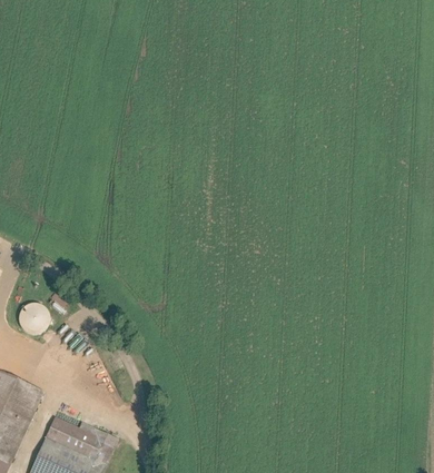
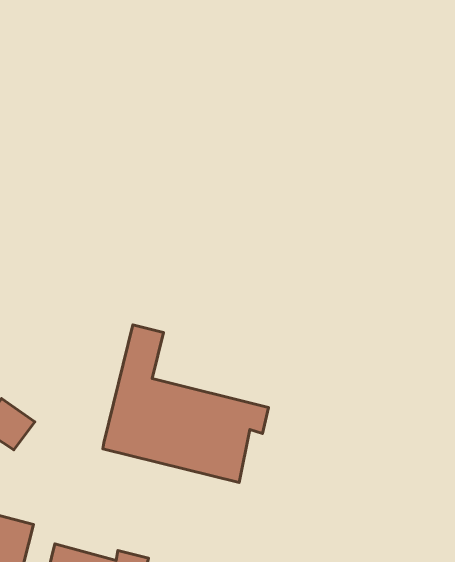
building: none -> [103,325,269,482]

